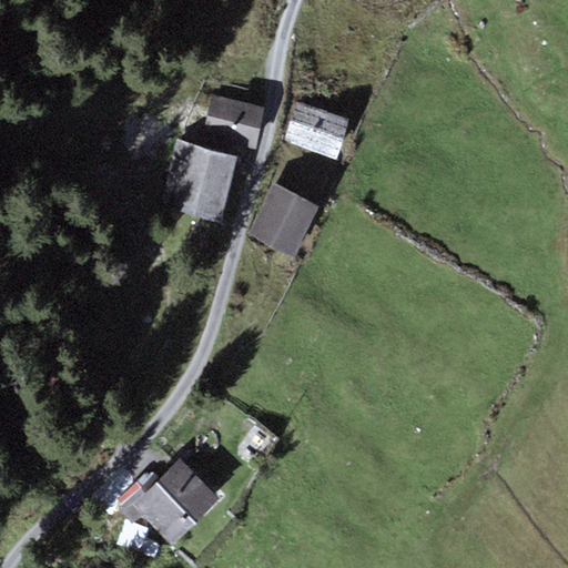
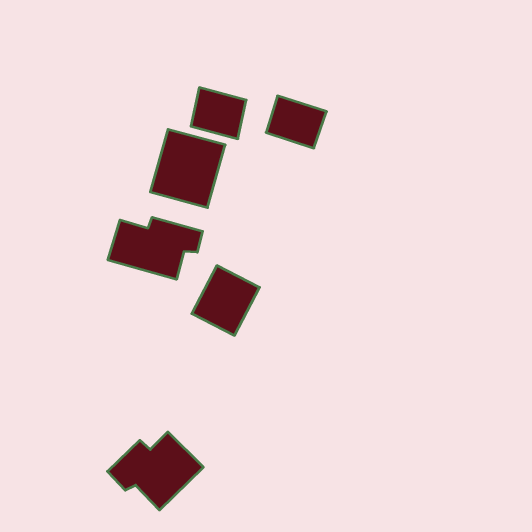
building: [247,183,320,257] -> [192,266,260,335]
building: none -> [108,217,203,279]

